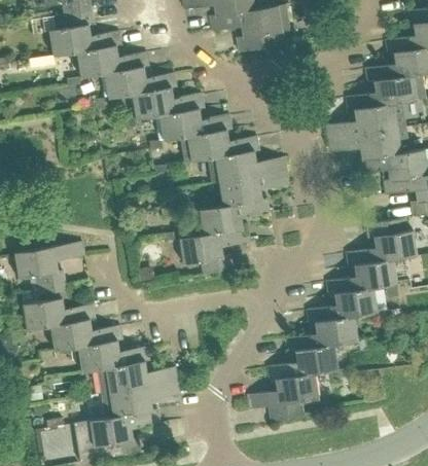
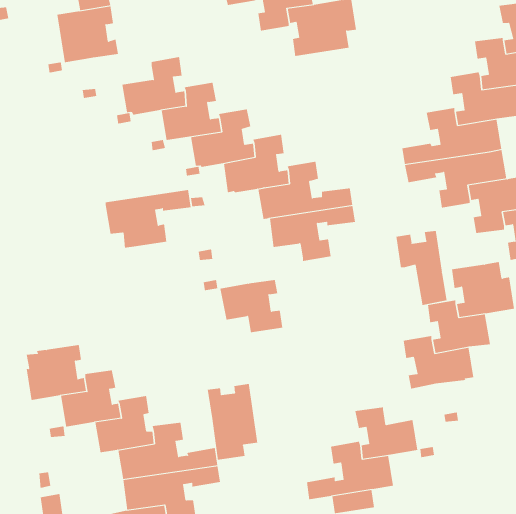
building: [77,31,126,77] -> none
building: none -> [396,230,447,306]
building: [200,203,250,246] -> none
building: [15,242,85,289] -> [105,190,191,248]
building: [308,306,358,349] -> none
building: none -> [207,383,258,460]

